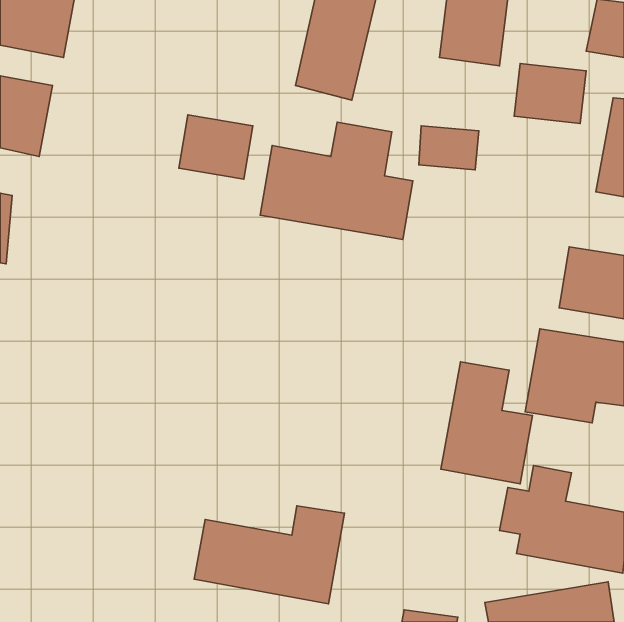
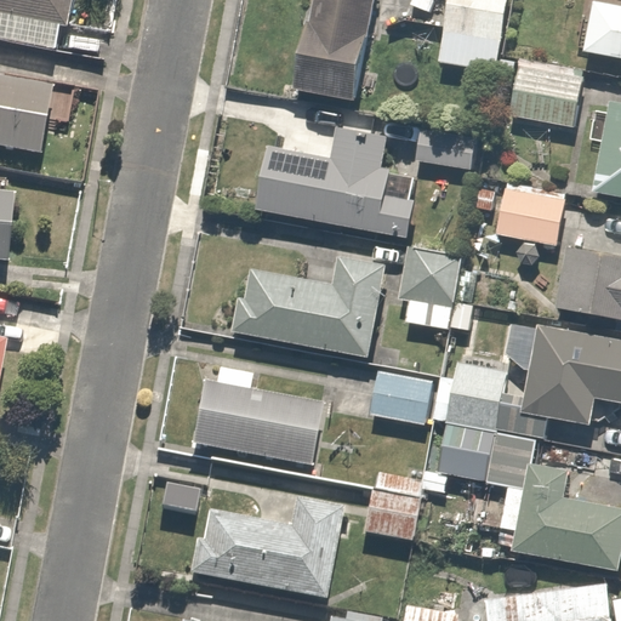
building: [179,115,253,179] -> none
building: none -> [495,178,565,245]
building: none -> [398,246,463,329]
building: none -> [241,252,387,355]
building: none -> [370,371,431,422]
building: none -> [187,378,323,471]
building: none -> [359,473,416,541]

